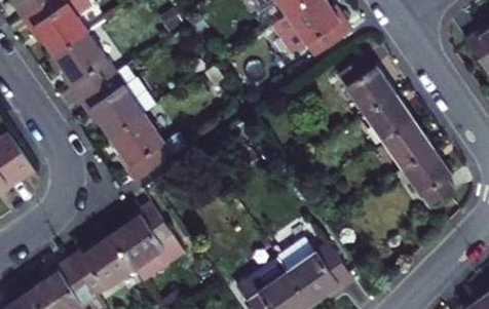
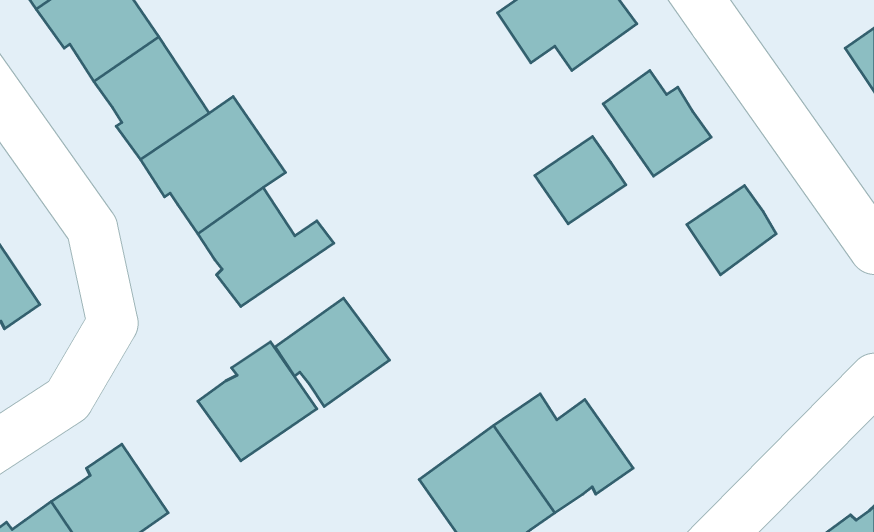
building: [363,90,413,139] -> [535,137,626,224]
building: [400,144,452,205] -> none
building: none -> [275,298,389,406]
building: [69,236,135,298] -> none

